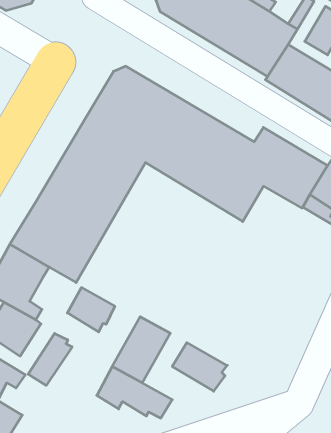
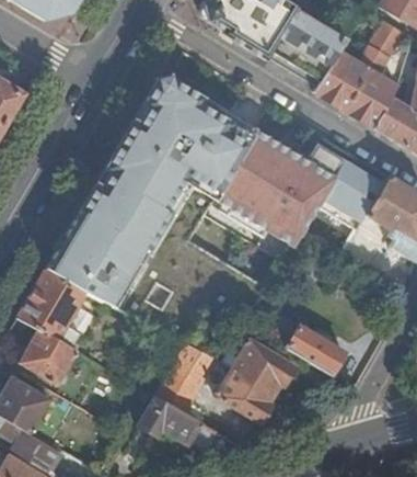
building: [67,288,115,332] -> none
building: none -> [268,315,346,374]
building: none -> [234,341,297,396]
building: [28,333,72,385] -> none

